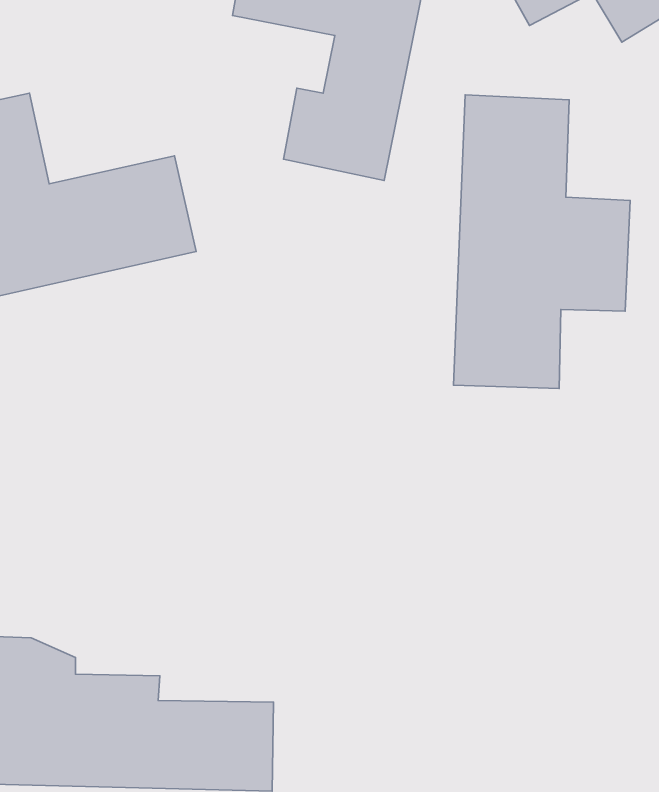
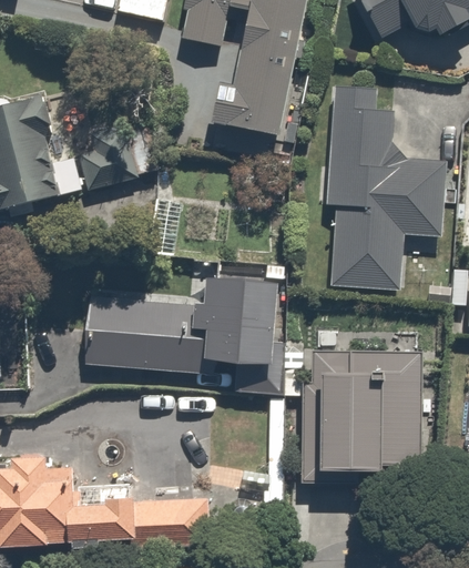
building: none -> [79,284,279,390]
building: none -> [307,348,422,477]

